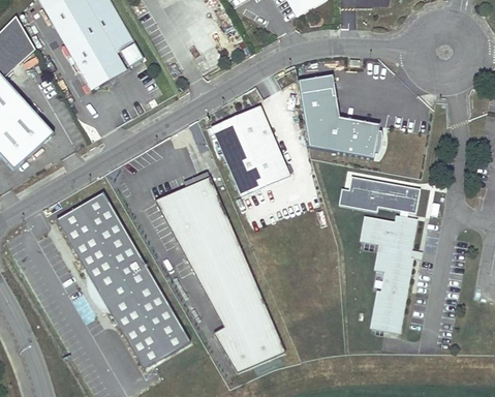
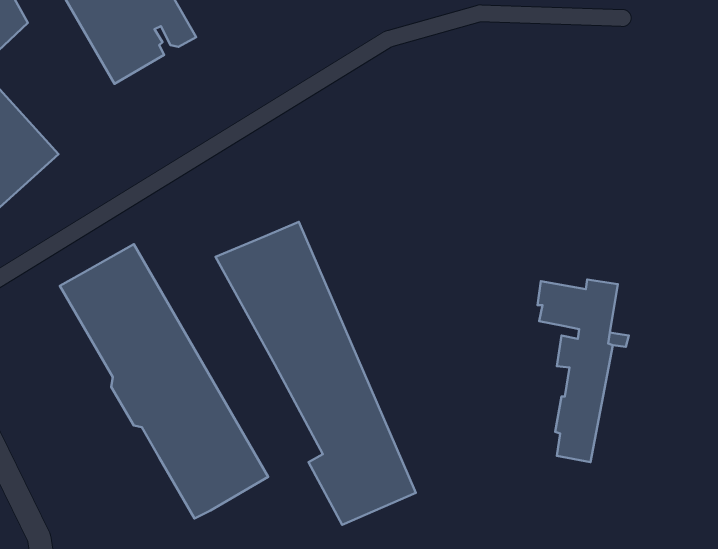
building: [300,74,382,156] -> none
building: [211,104,289,196] -> none
building: [340,175,421,212] -> none

